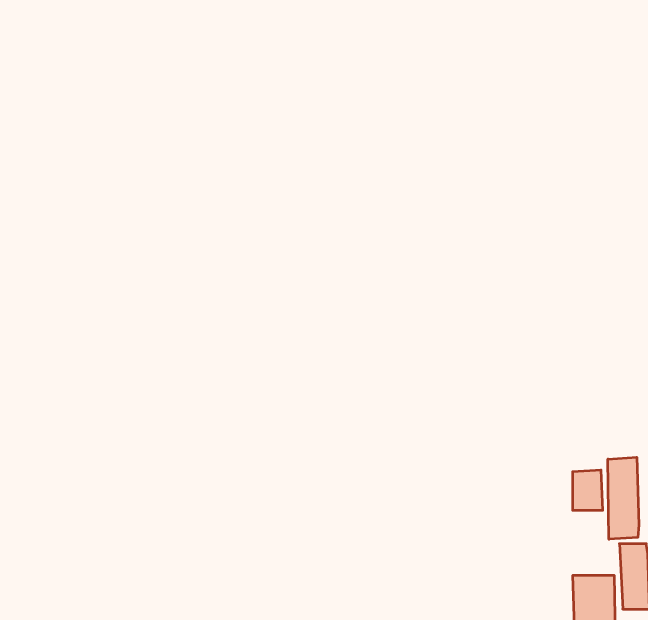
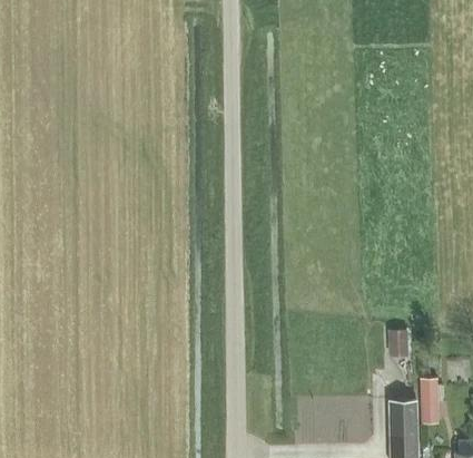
building: [608,457,639,539] -> none

